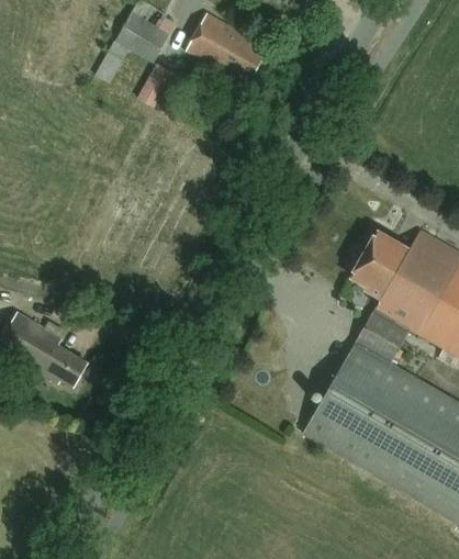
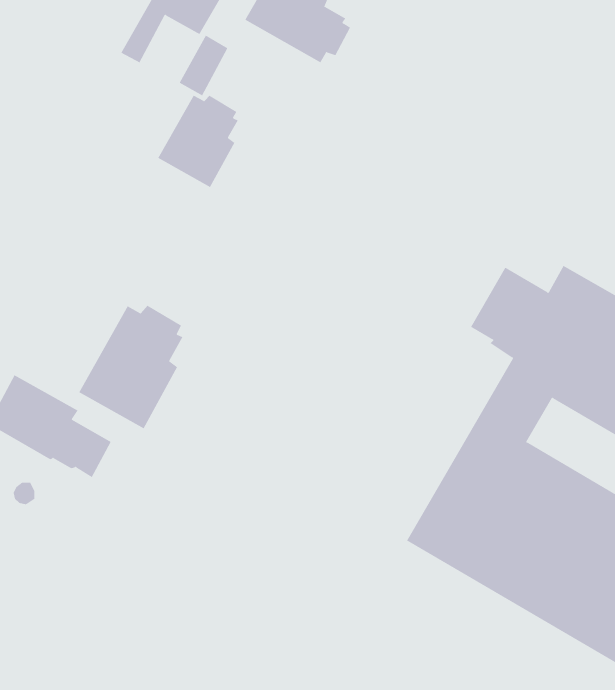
building: none -> [158,95,238,188]
building: none -> [79,305,183,429]

